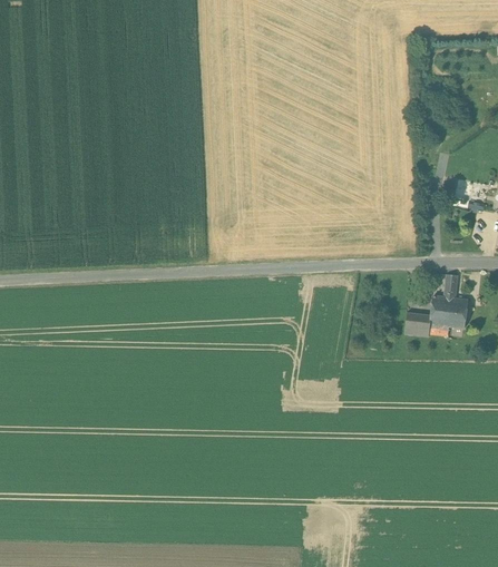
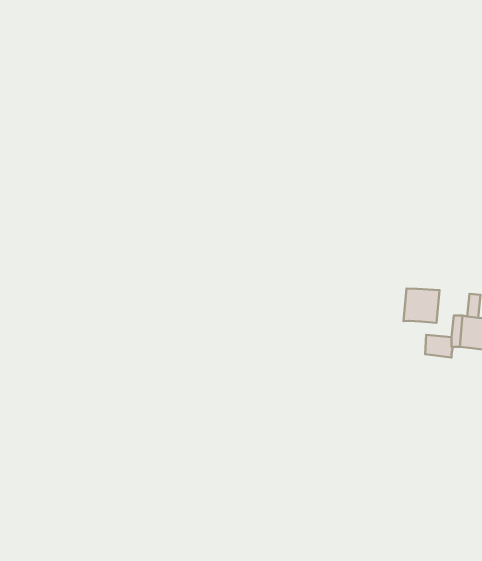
building: none -> [403,288,440,323]

